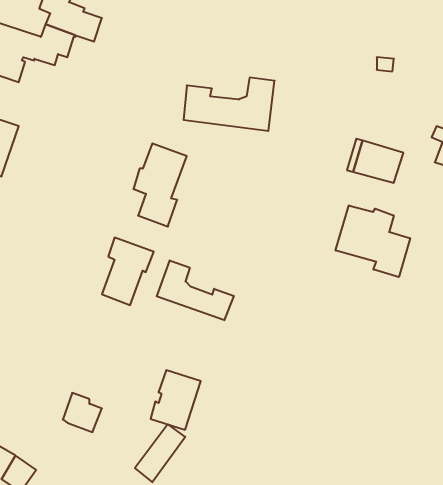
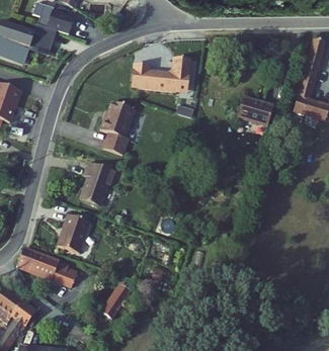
building: [336,205,410,277] -> none
building: [157,260,234,320] -> none
building: [151,370,201,430] -> [59,214,91,253]
building: none -> [18,248,59,279]

